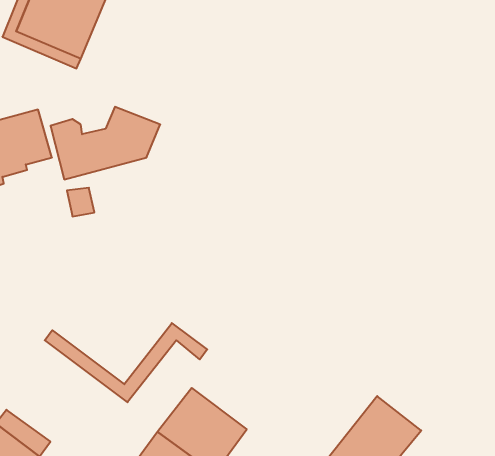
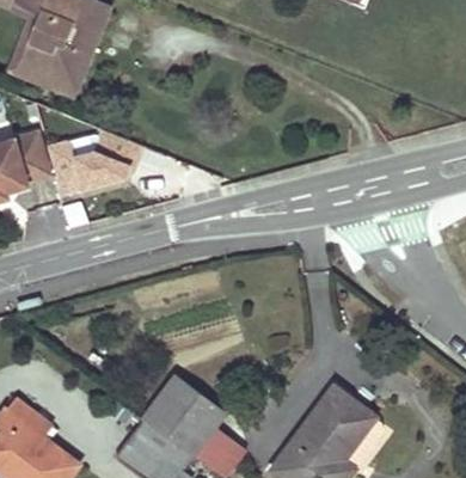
building: [45,323,207,402] -> none

